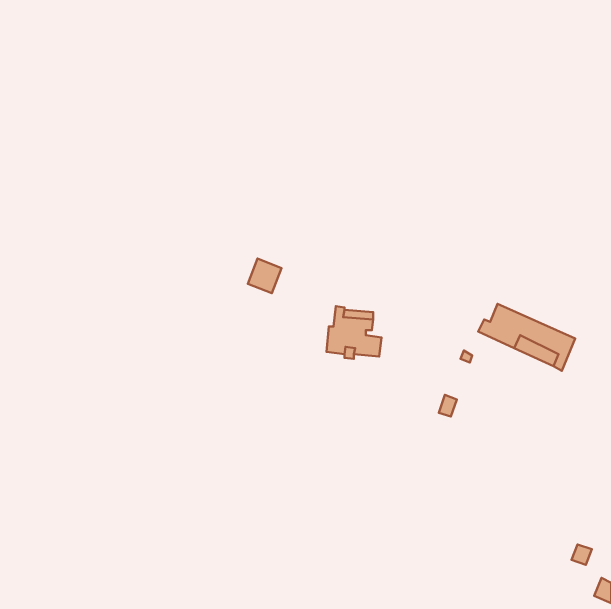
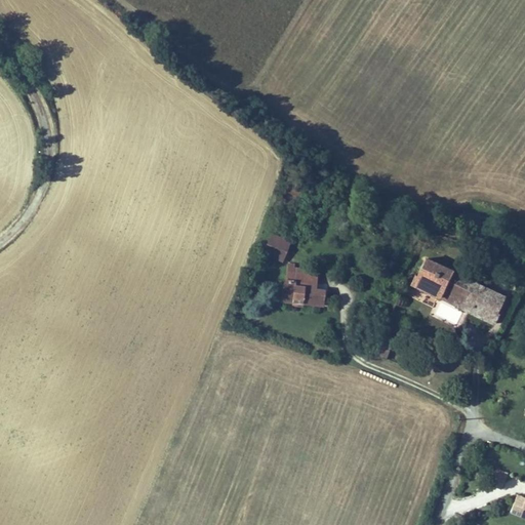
building: [248,259,281,293] -> [262,232,291,261]
building: none -> [482,290,507,325]

